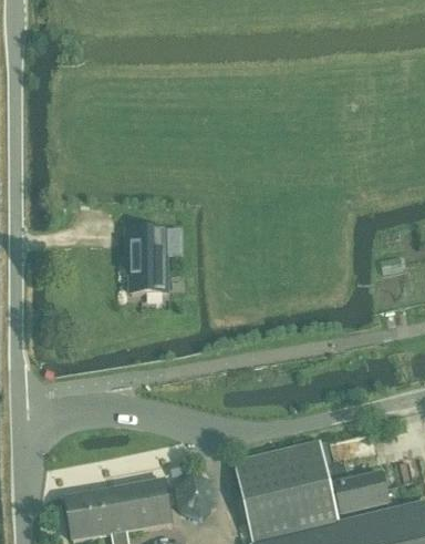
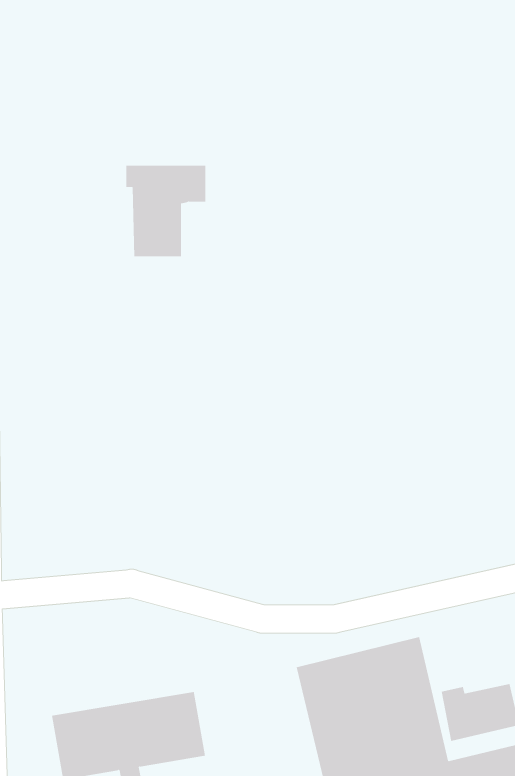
building: [126,230,182,294] -> [126,165,206,257]
building: [175,475,217,521] -> none

